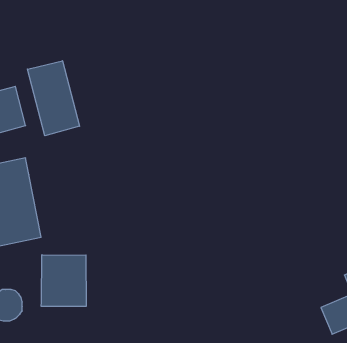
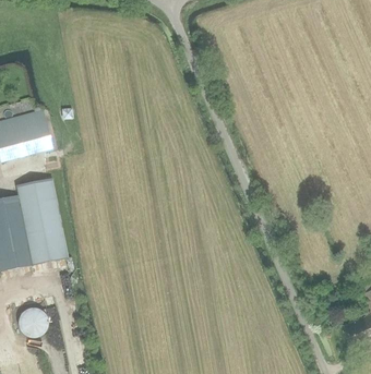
building: [27,61,80,136] -> none
building: [41,255,86,306] -> none

